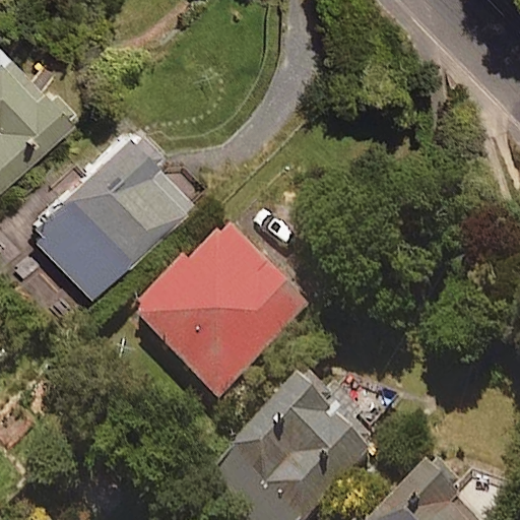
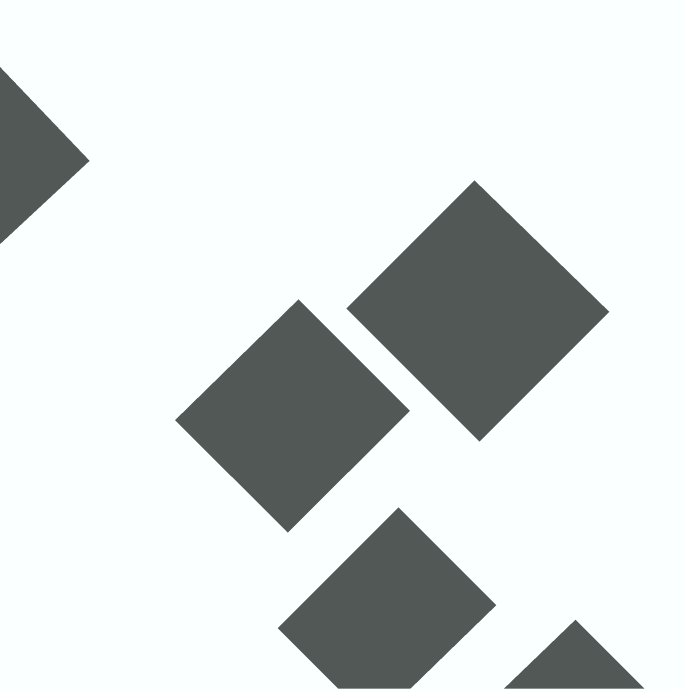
building: [25,125,198,298] -> none
building: none -> [345,179,610,443]

